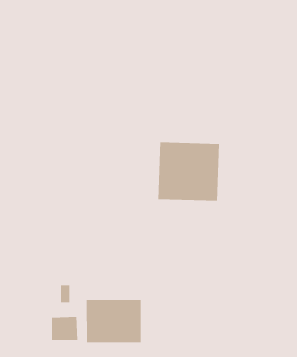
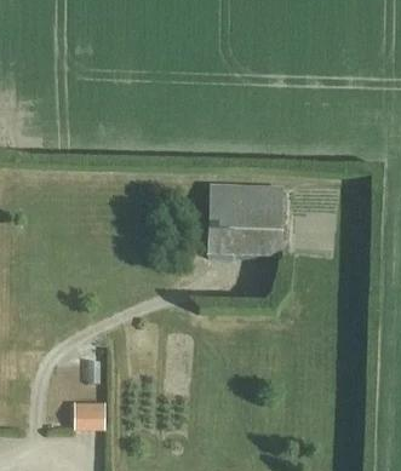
building: [86,299,141,343] -> none

